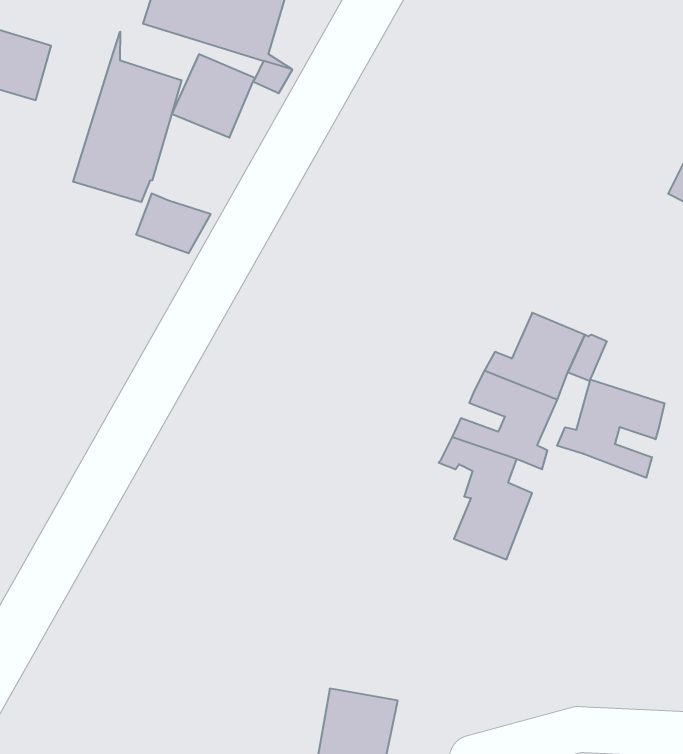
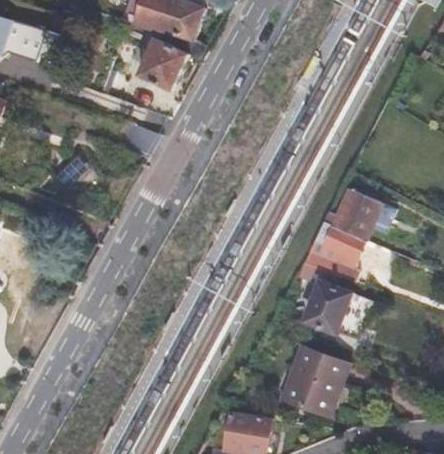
building: [73,32,181,202] -> none
building: [557,379,665,478] -> none
building: none -> [277,349,346,419]

